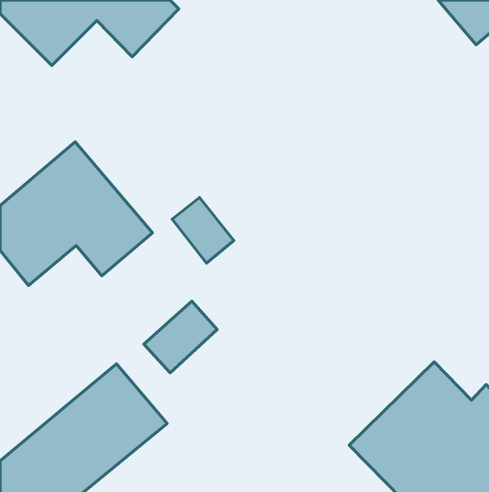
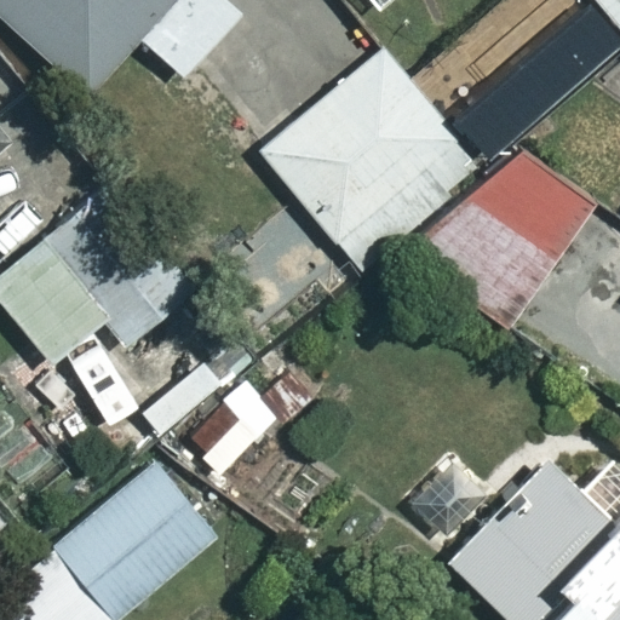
building: none -> [259,48,481,269]
building: none -> [418,140,592,322]

